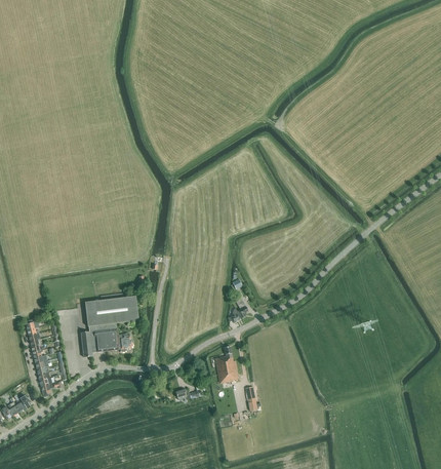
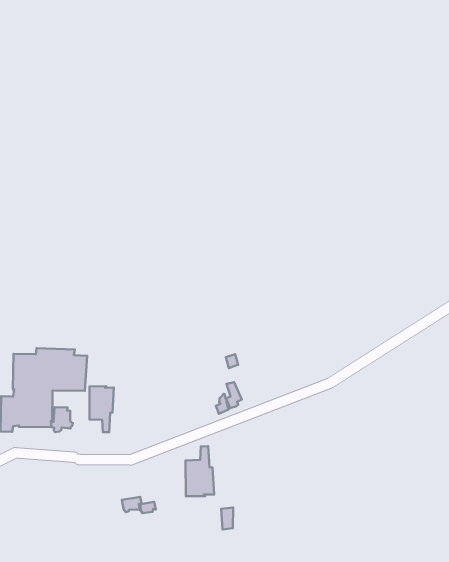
building: none -> [90,386,114,432]

